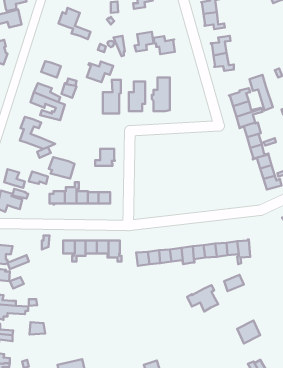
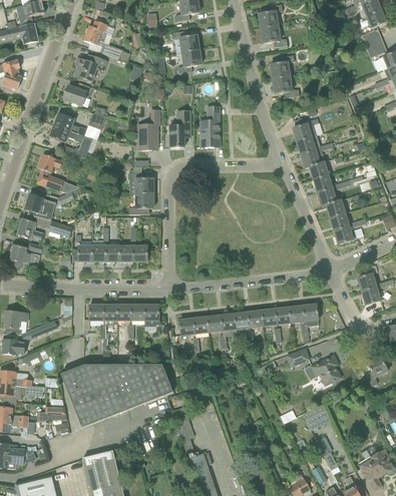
building: [154,36,175,54] -> [172,30,199,52]
building: [87,62,113,82] -> [75,55,107,80]
building: [250,75,273,110] -> none
building: none -> [128,171,153,192]
building: [49,157,74,178] -> [25,193,56,219]
building: [187,285,218,311] -> [304,354,342,386]
building: none -> [63,366,171,425]

